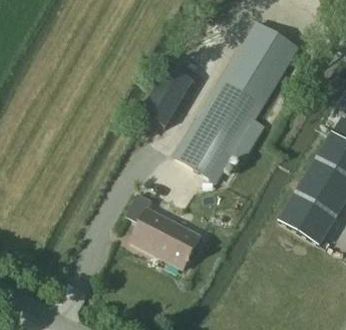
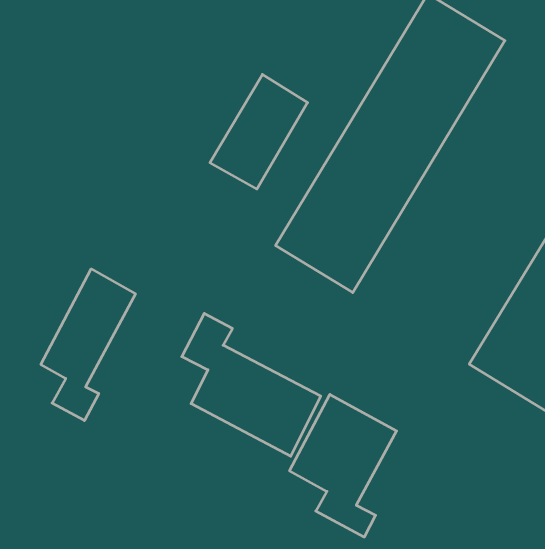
building: none -> [41,269,135,421]
building: none -> [290,394,397,537]

